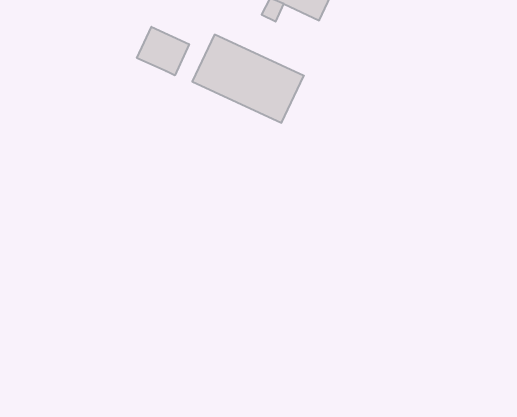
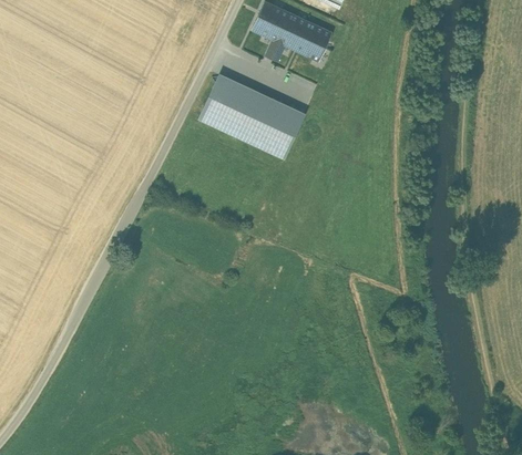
building: [137,27,189,75] -> none

